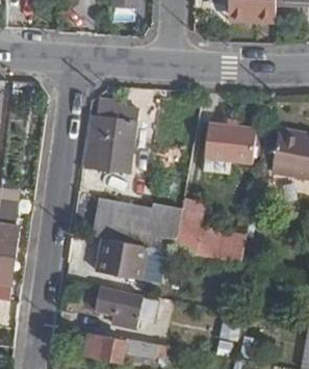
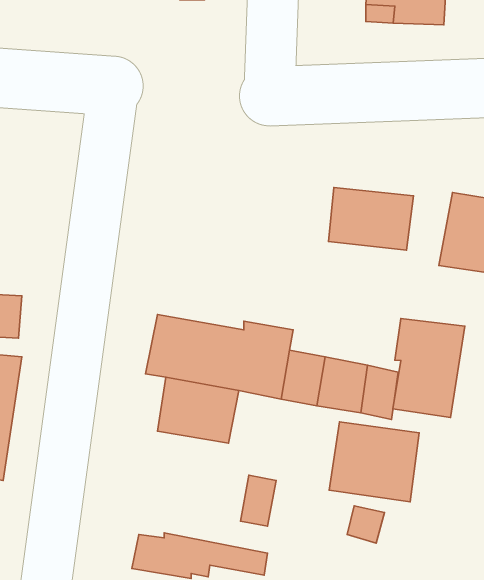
building: [84,101,137,174] -> none
building: none -> [393,319,465,418]
building: none -> [329,422,419,502]
building: [94,290,150,326] -> none

